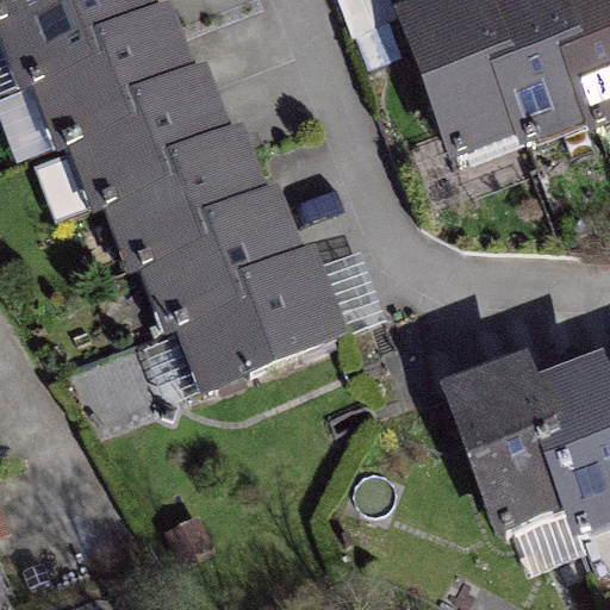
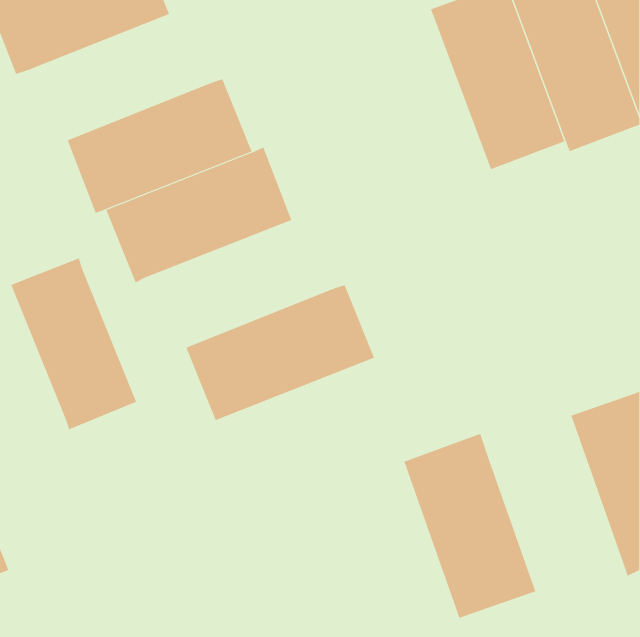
building: [25,8,195,133] -> none
building: [135,199,309,325] -> none
building: none -> [11,257,137,430]
building: [448,360,571,531] -> [403,433,536,619]

